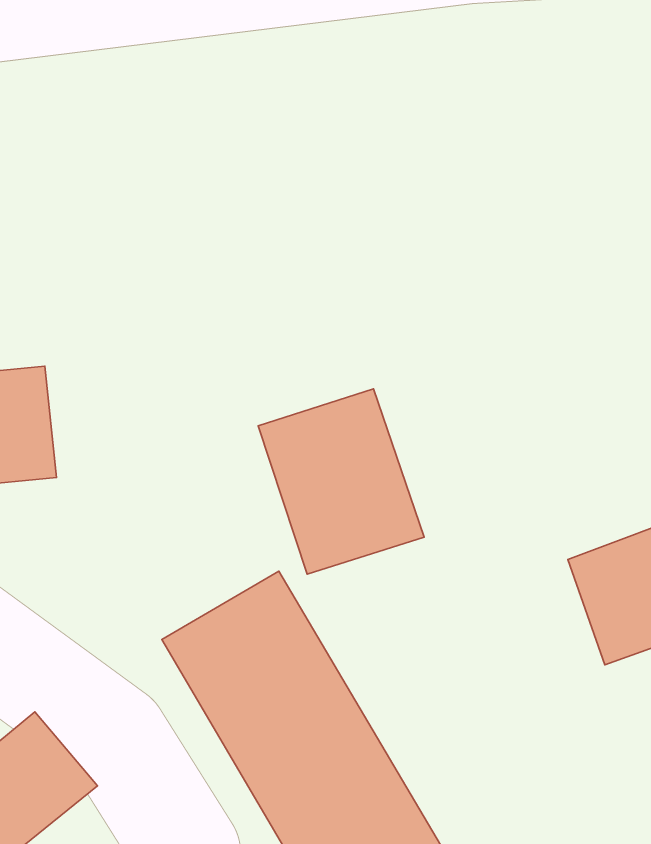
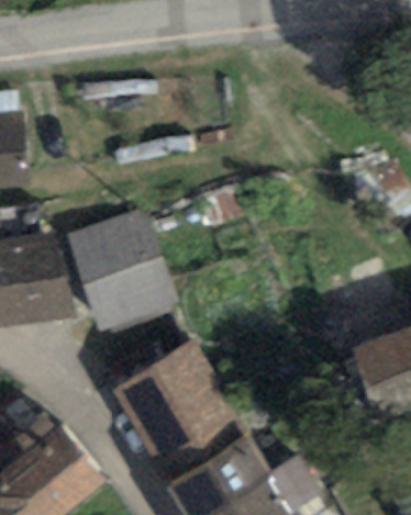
building: [258,389,424,574] -> [79,220,173,324]

